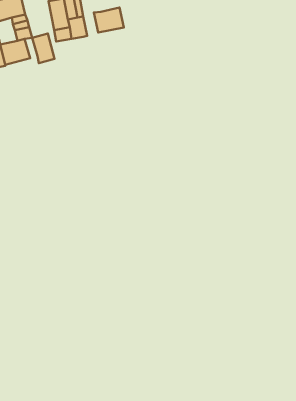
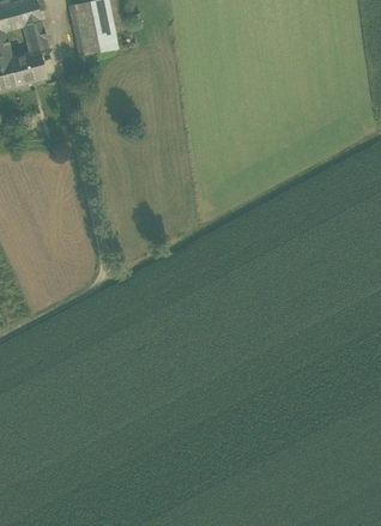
building: [94,7,124,32] -> none
building: [32,33,55,63] -> none

